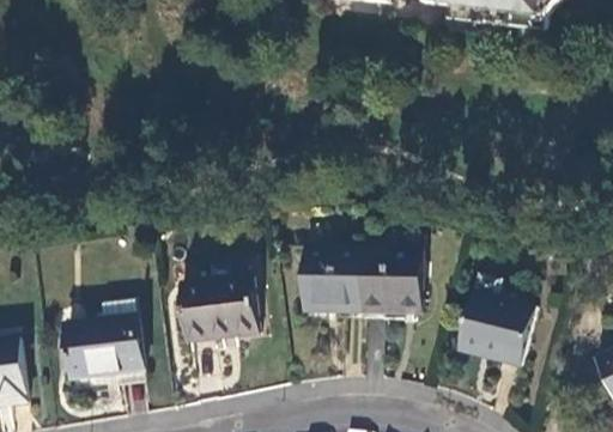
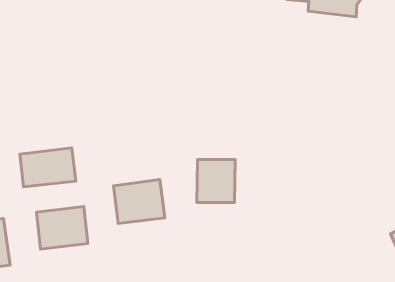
building: none -> [20,148,76,187]
building: [362,247,420,312] -> none
building: [461,291,534,365] -> none

